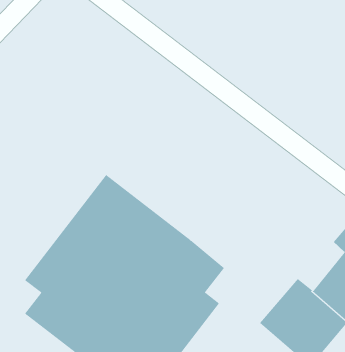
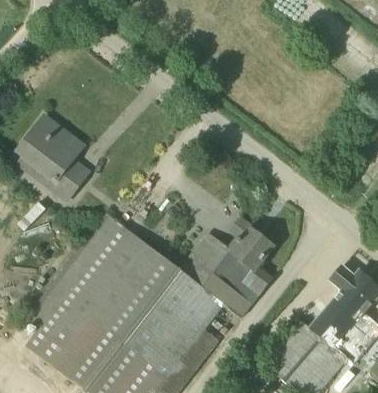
building: none -> [16,113,90,199]
building: none -> [191,226,273,315]

